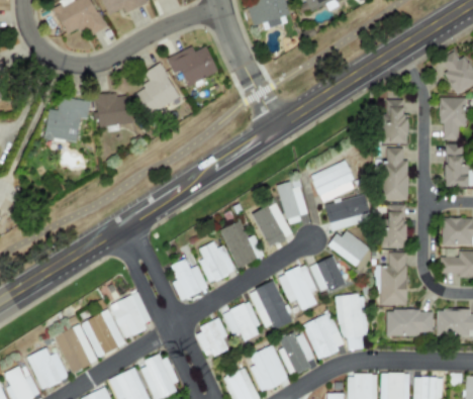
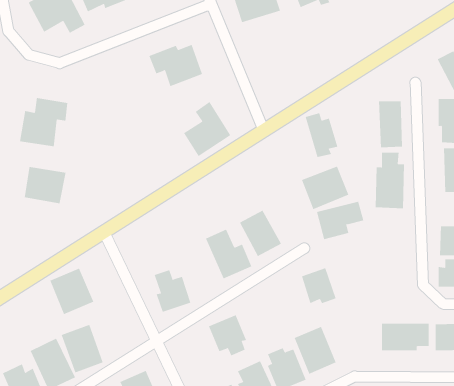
building: [134,63,180,115] -> [183,101,231,157]
building: [96,92,133,126] -> none
building: none -> [24,166,66,204]
building: [277,181,308,223] -> [305,113,338,158]
building: [381,204,407,247] -> none
building: [327,229,369,265] -> none
building: [200,242,235,282] -> none
building: [381,252,407,305] -> none
building: [279,264,316,310] -> none
building: [250,281,292,331] -> none
building: [111,292,154,336] -> [49,268,94,315]
building: [336,293,368,350] -> none
building: [195,319,229,359] -> none

